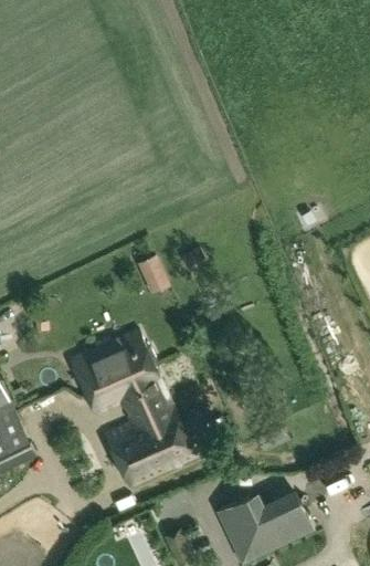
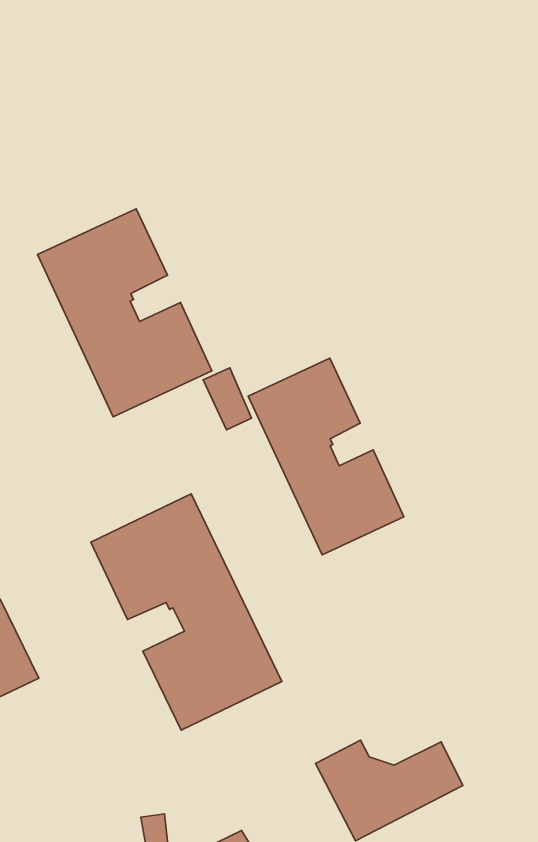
building: none -> [38,209,212,417]
building: none -> [248,358,404,555]

